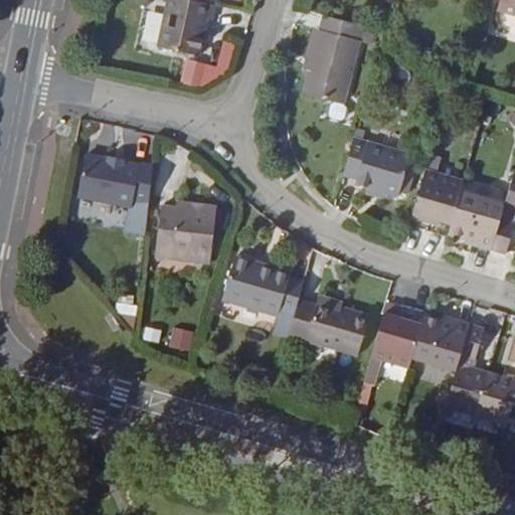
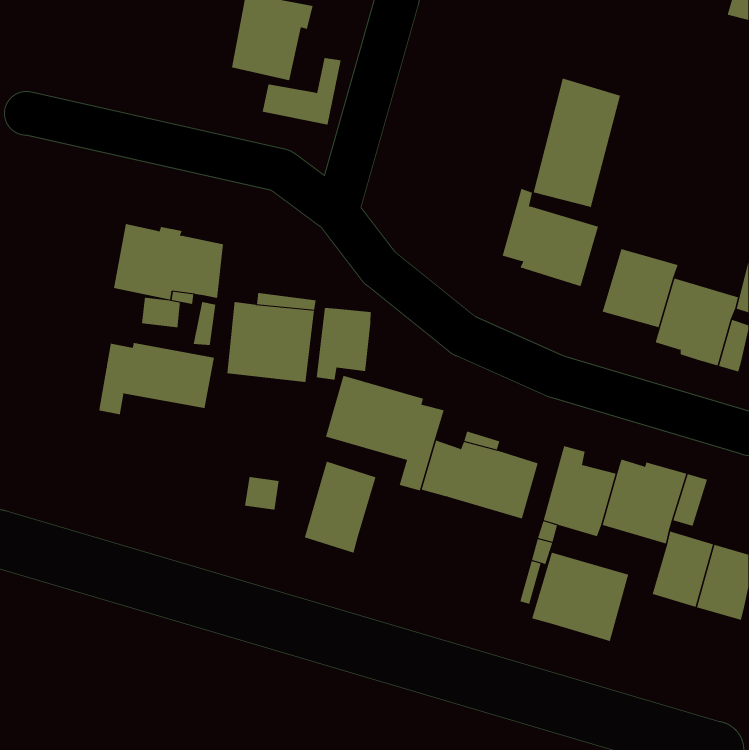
building: [303,15,363,104] -> [533,78,621,207]
building: none -> [316,307,371,380]
building: none -> [98,342,215,415]
building: none -> [304,461,376,554]
building: none -> [531,552,629,642]

